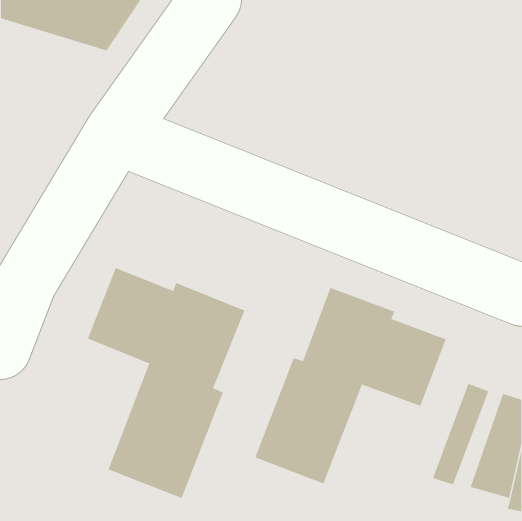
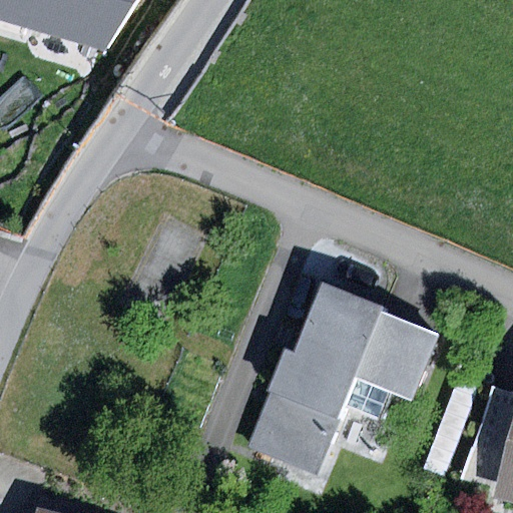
building: [87,267,245,499] -> none

